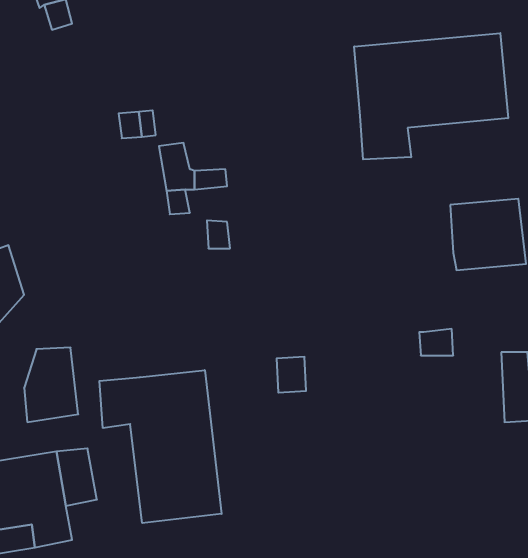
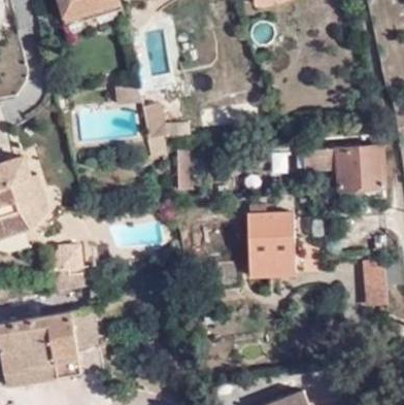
building: [354,33,508,159] -> none
building: none -> [244,205,296,277]
building: [99,370,222,523] -> none

